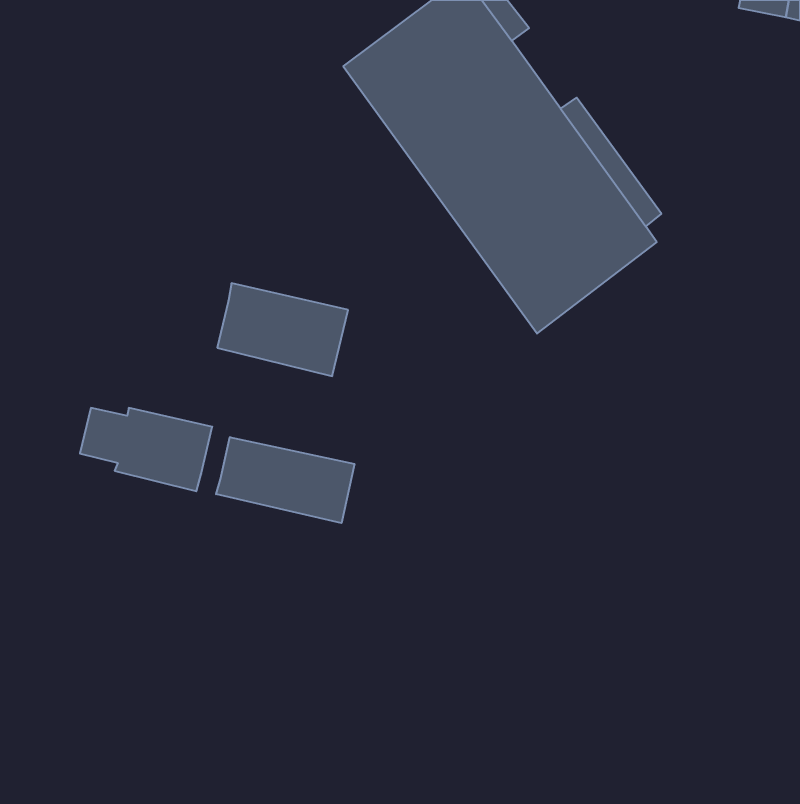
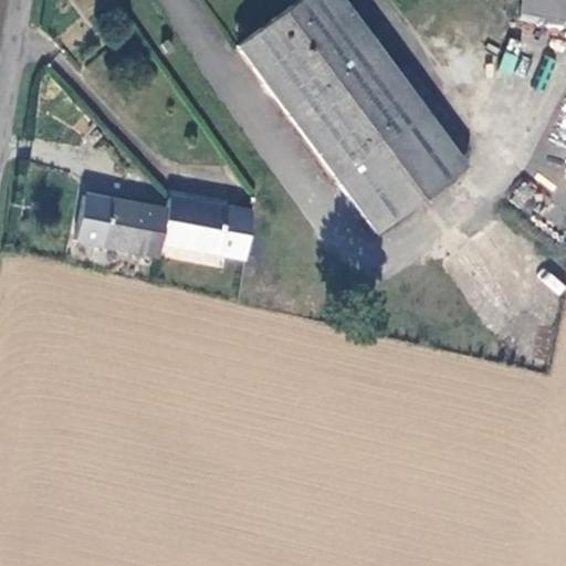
building: [80,408,212,491] -> [67,198,160,256]
building: [216,437,354,523] -> none

